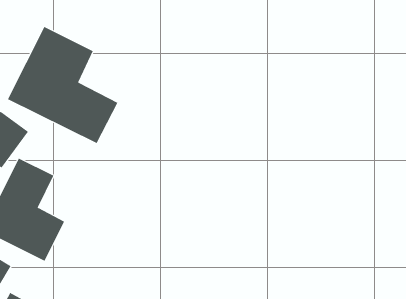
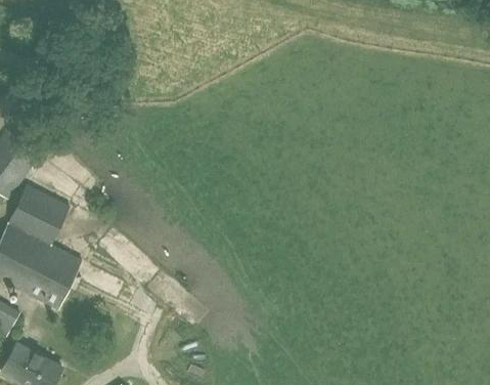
building: [7,26,118,144] -> none

